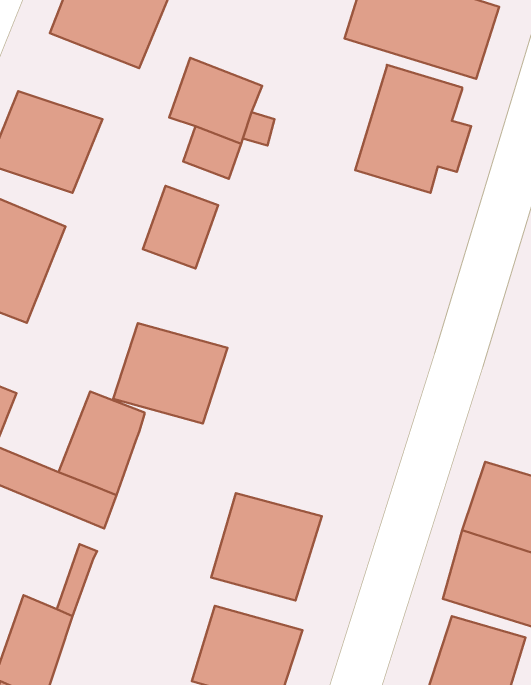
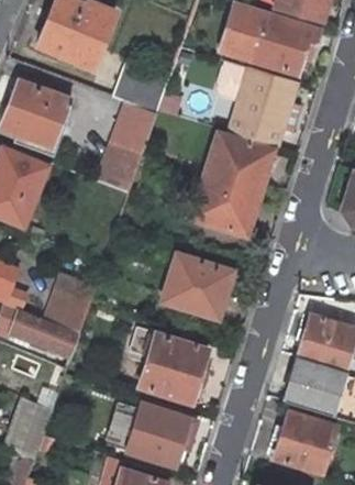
building: none -> [190,132,269,233]
building: [113,323,227,423] -> [160,254,232,317]

